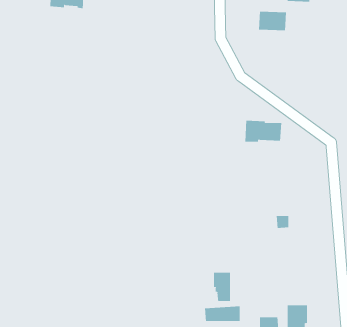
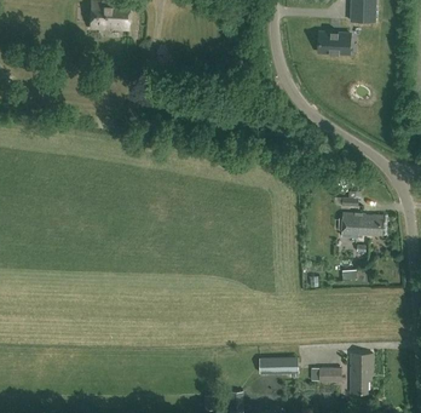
building: [244,120,282,142] -> [341,212,382,236]
building: [213,272,230,302] -> none

